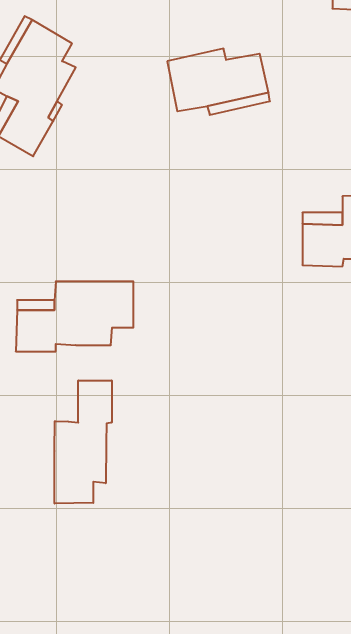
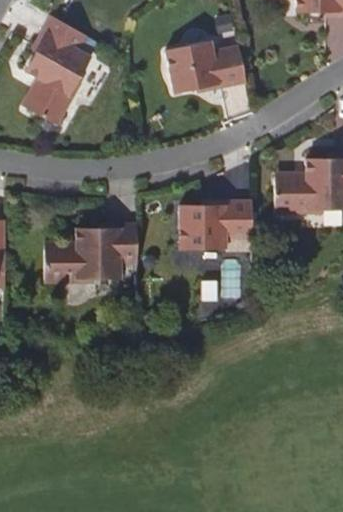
building: none -> [179,206,253,247]
building: [55,380,112,504] -> none

